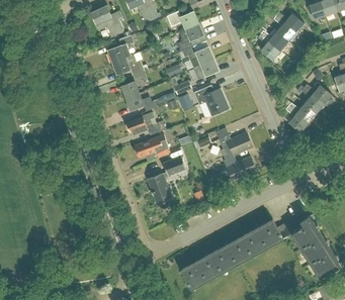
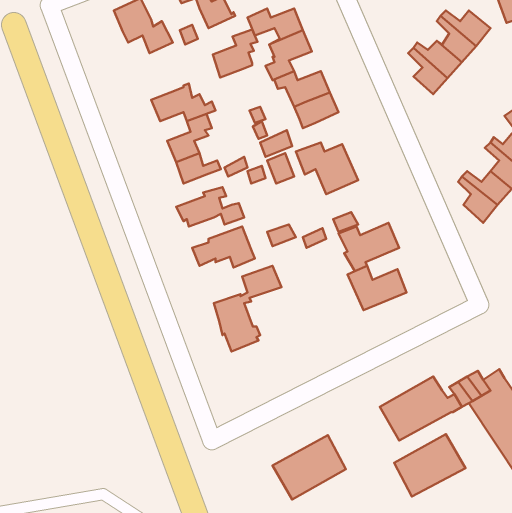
building: [107,35,133,63] -> [213,29,258,78]
building: [211,236,252,272] -> [394,434,465,497]

